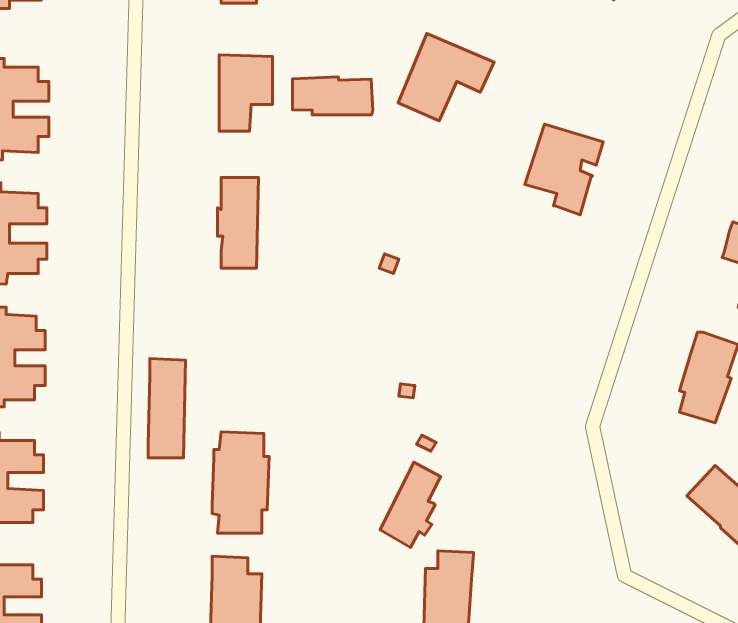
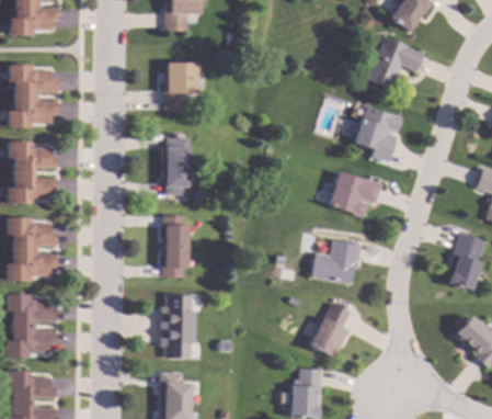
building: [398,34,494,121] -> [365,35,424,89]
building: [293,77,373,115] -> none
building: none -> [329,170,381,215]
building: none -> [310,239,361,283]
building: [148,358,185,458] -> [162,215,185,276]
building: [380,462,441,548] -> [312,303,350,355]

